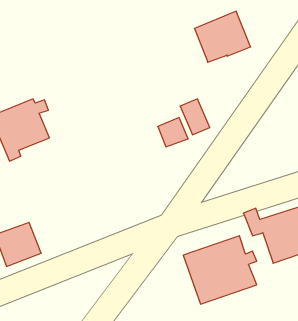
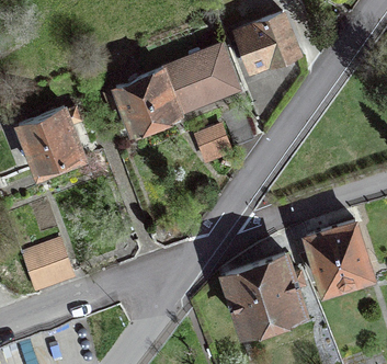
building: none -> [105,47,237,130]

